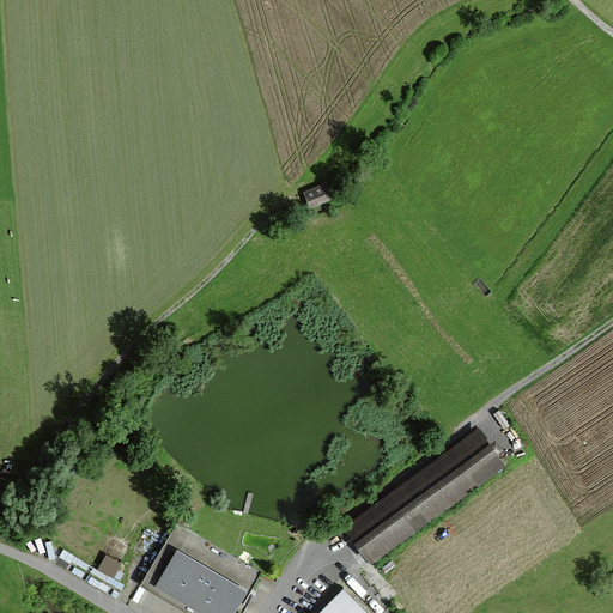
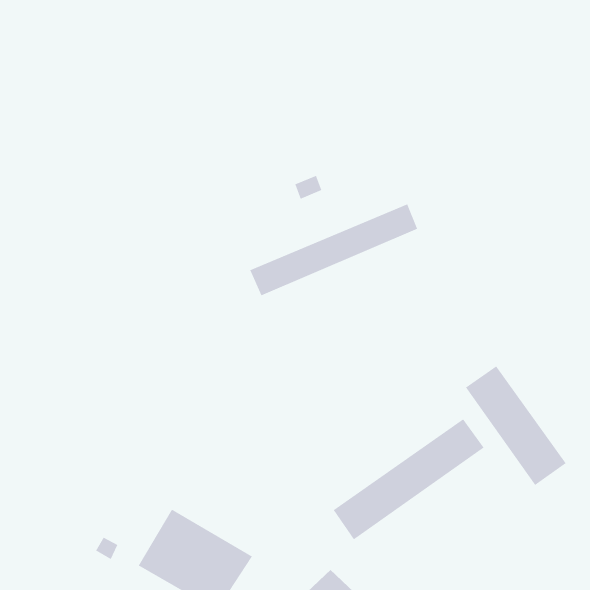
building: none -> [250,203,418,296]
building: none -> [465,366,567,486]

